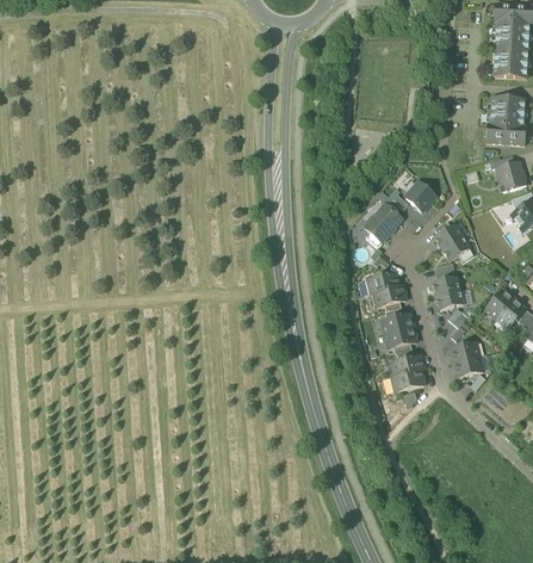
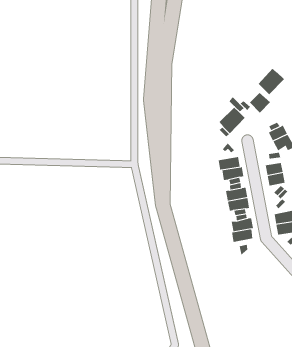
building: none -> [258,68,285,95]

